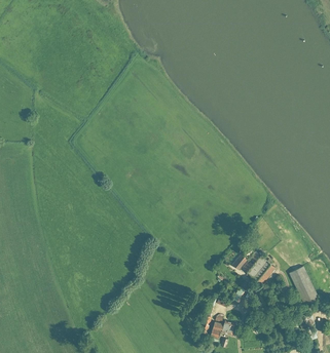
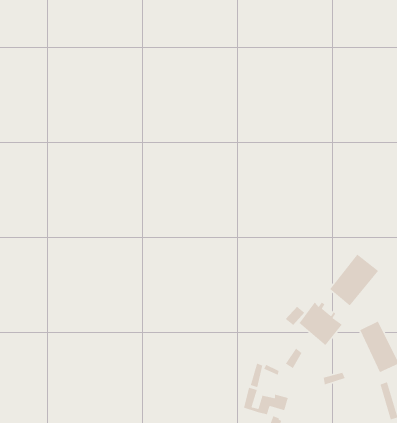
building: none -> [329,253,379,306]

